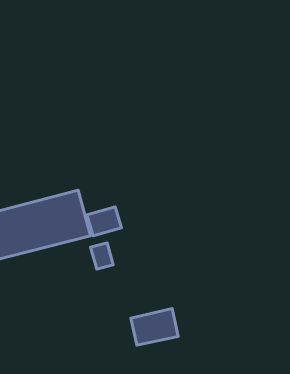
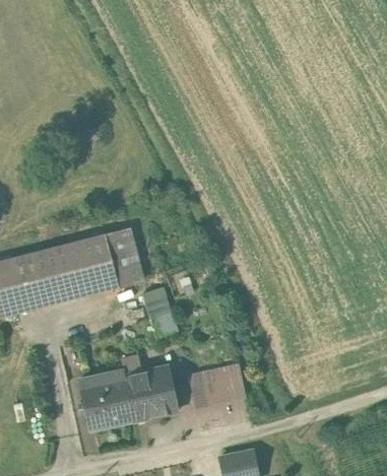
building: [87,207,121,236] -> none
building: none -> [79,366,178,431]

